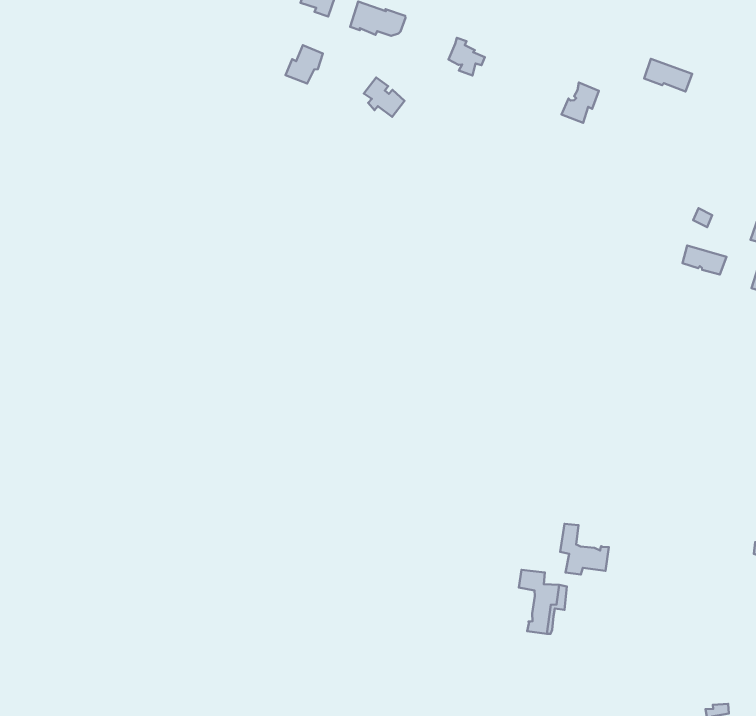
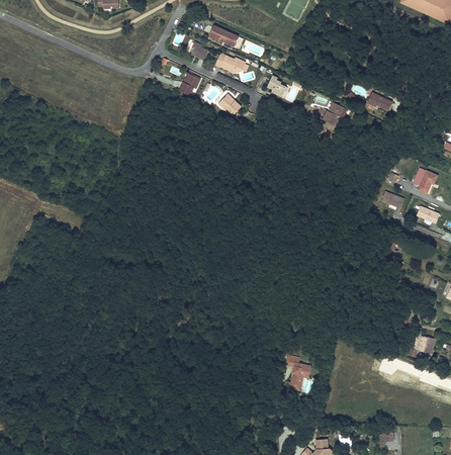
building: [560,524,609,574] -> none

